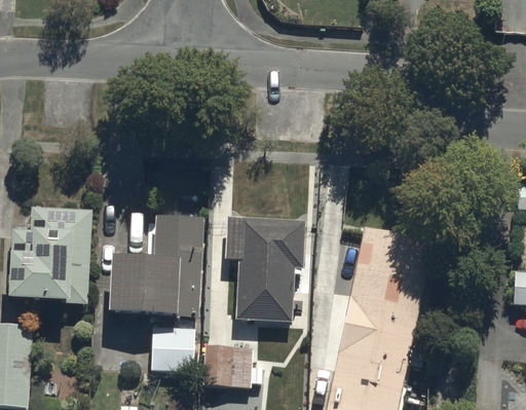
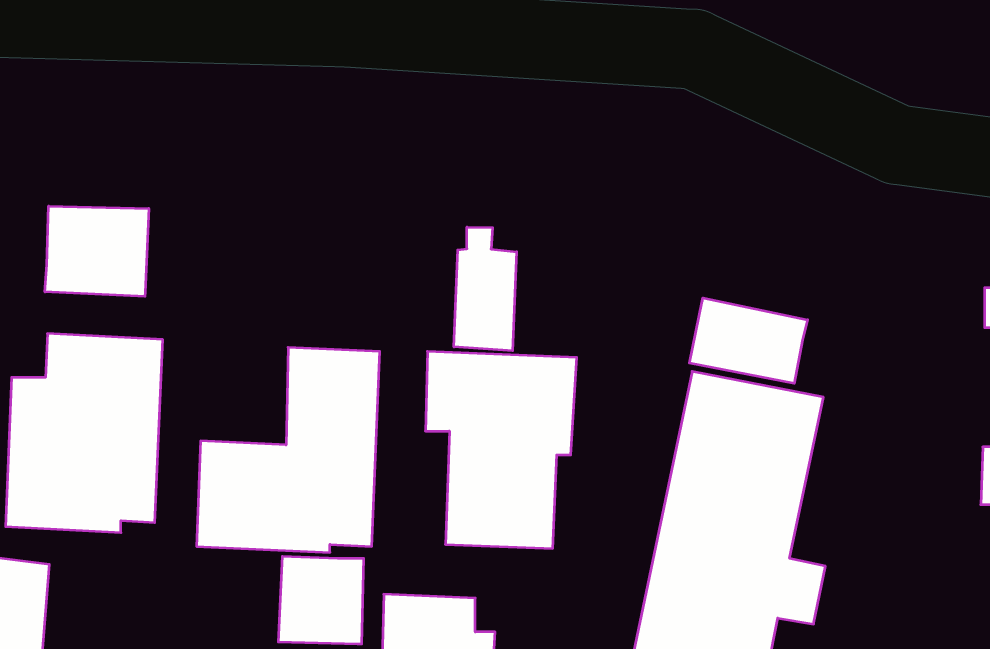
building: none -> [45,206,149,296]
building: none -> [454,227,517,351]
building: none -> [689,298,808,383]

